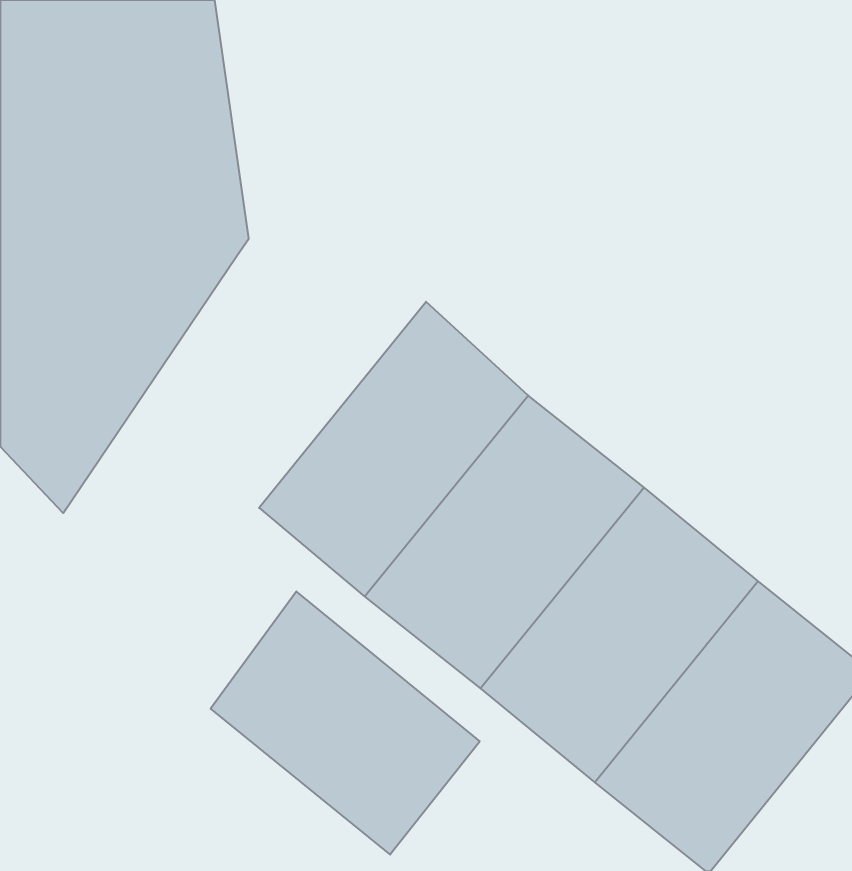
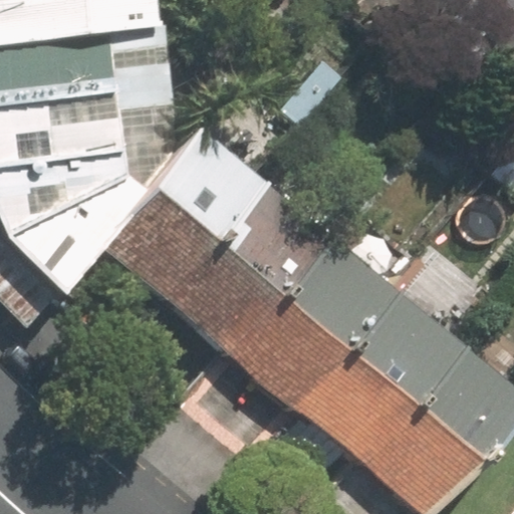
building: none -> [96,124,262,299]
building: [211,591,480,855] -> none

